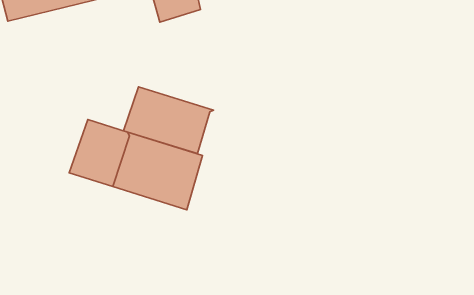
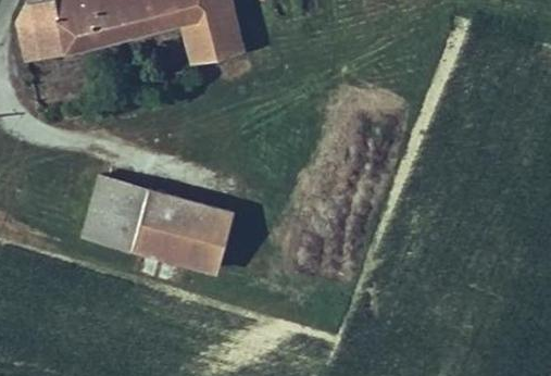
building: [124,87,213,154] -> none

